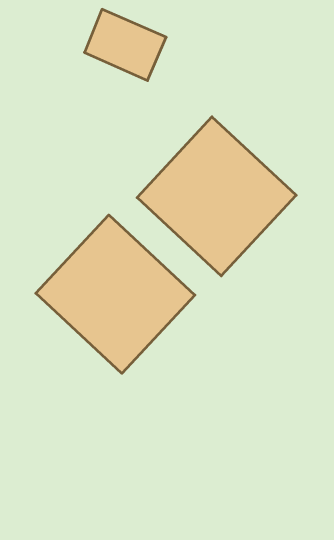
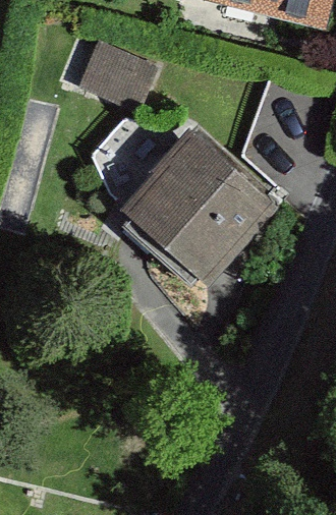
building: [36,215,195,373] -> none

